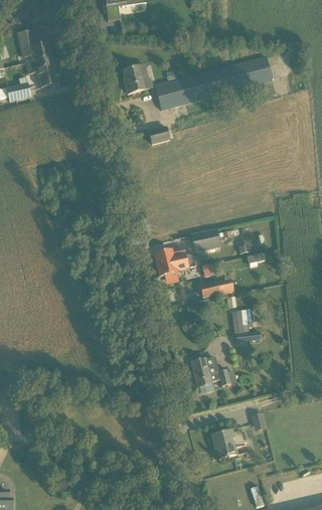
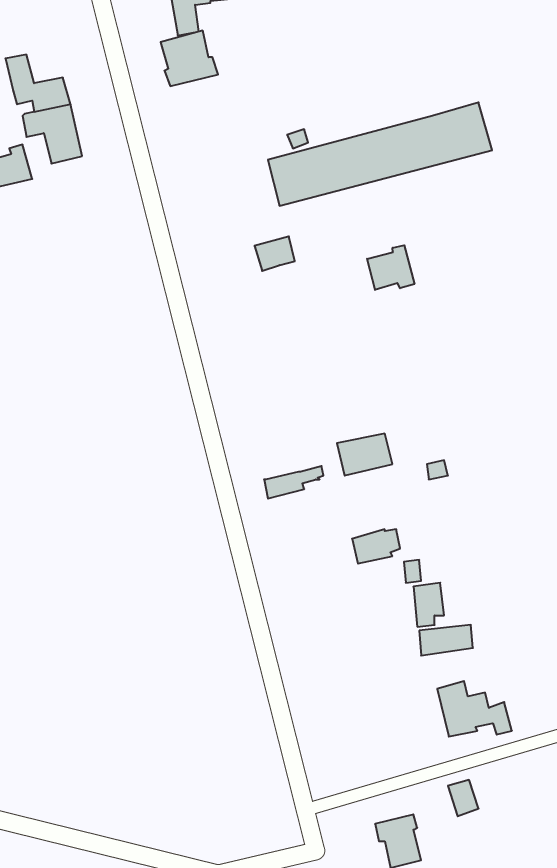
building: [123,63,153,93] -> [161,31,218,86]
building: none -> [367,245,414,290]
building: [155,251,199,277] -> none
building: [191,357,230,386] -> [437,681,512,737]

